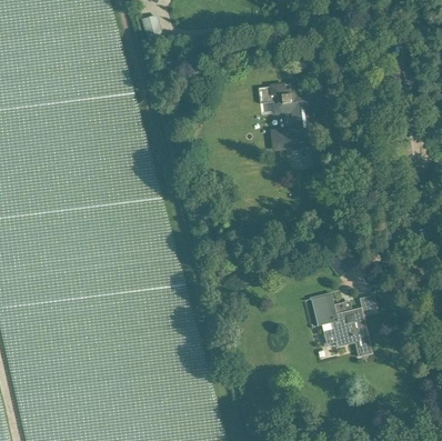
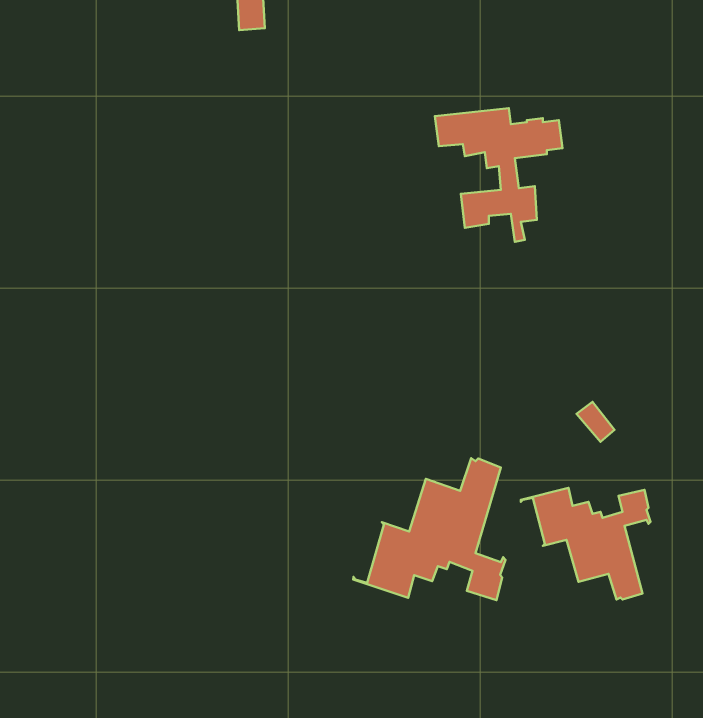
building: none -> [353,458,506,600]

